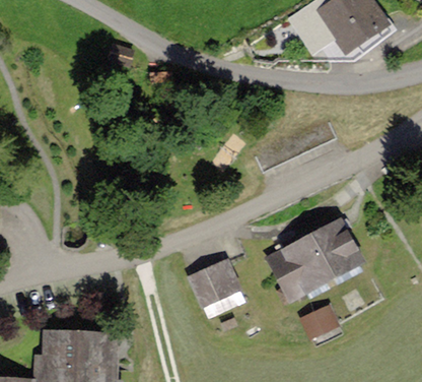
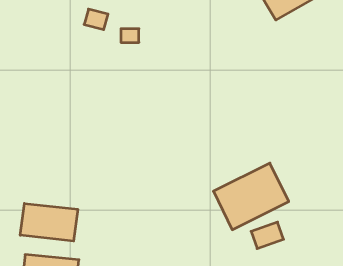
building: [185,257,242,310] -> none
building: none -> [20,203,78,241]

